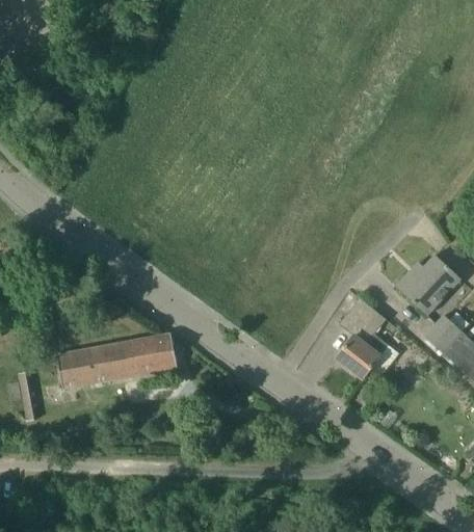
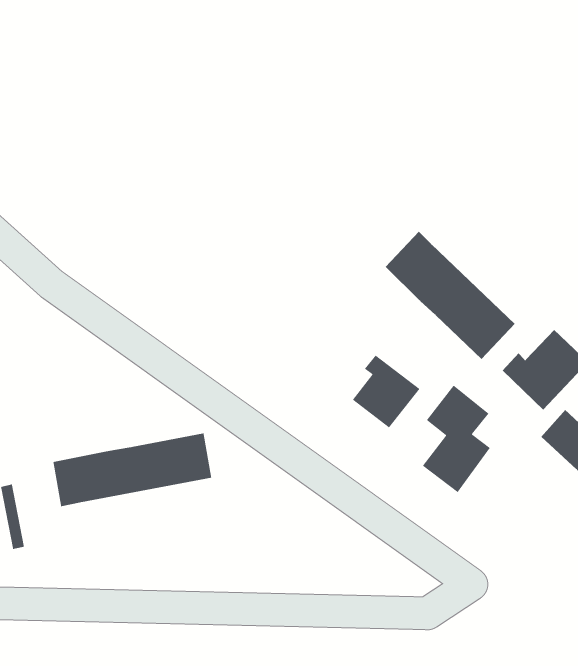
building: none -> [385,231,516,360]
building: none -> [352,354,420,429]

